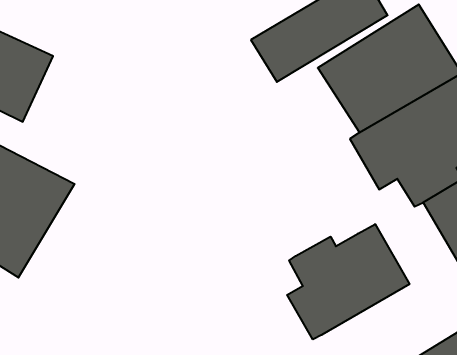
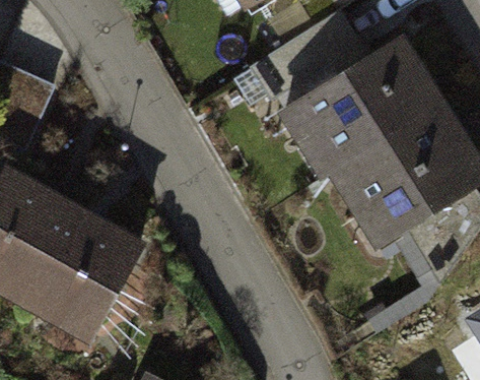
building: none -> [22,208,142,324]
building: [287,224,409,339] -> none

